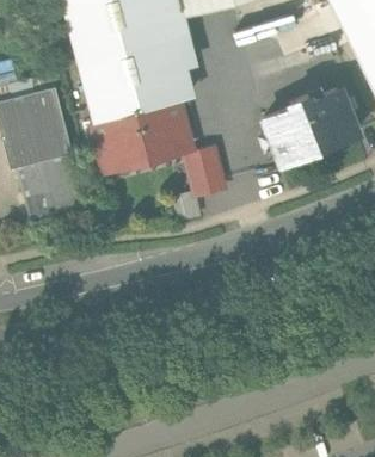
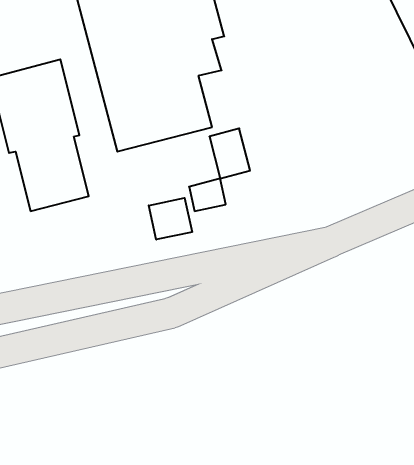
building: [260,89,357,162] -> none
building: none -> [149,198,192,240]

